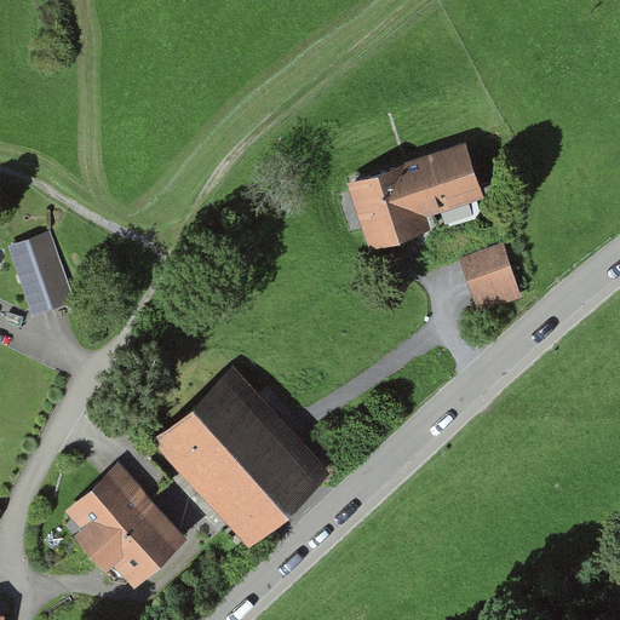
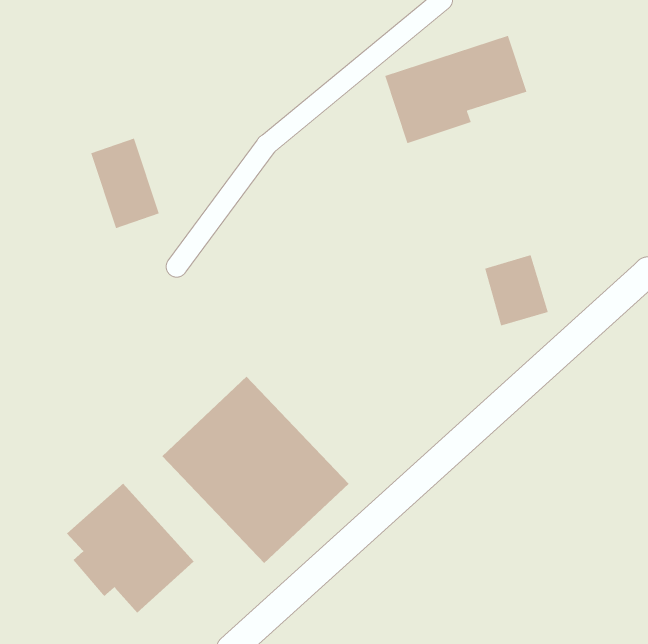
building: [348,145,484,249] -> [384,35,528,144]
building: [7,232,74,320] -> [90,138,160,229]

